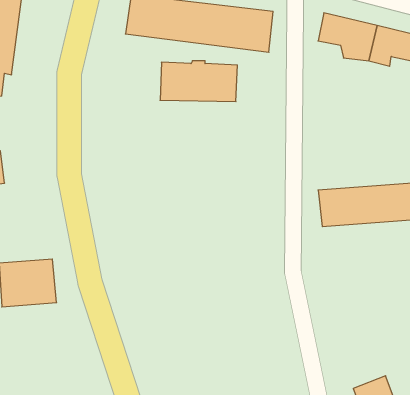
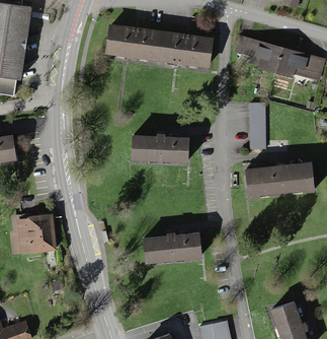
building: [160,61,237,102] -> [135,135,190,164]
building: none -> [248,106,269,150]
building: none -> [143,230,198,258]

